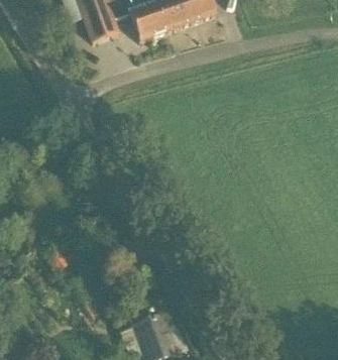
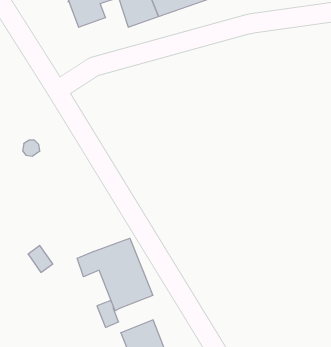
building: none -> [77,238,153,311]

